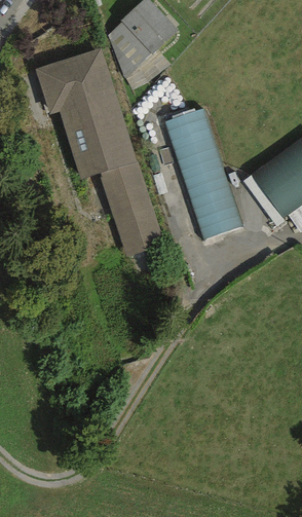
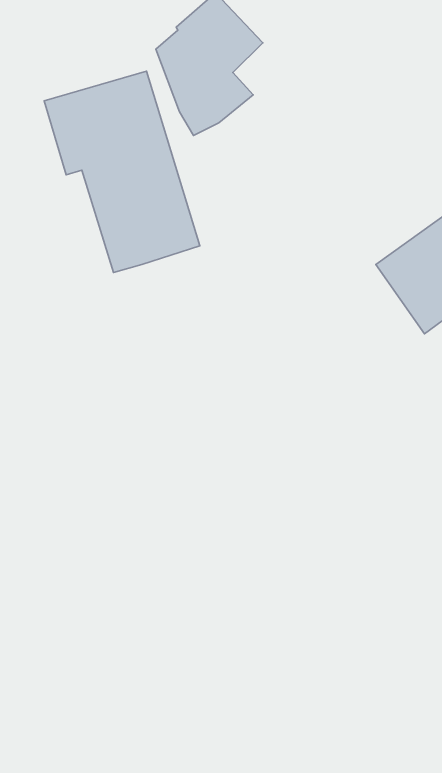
building: [165,113,242,243] -> none
building: [99,162,163,258] -> none

